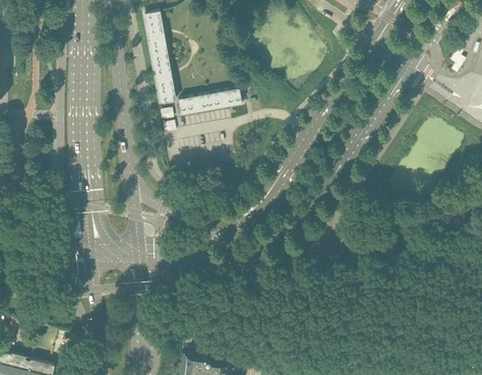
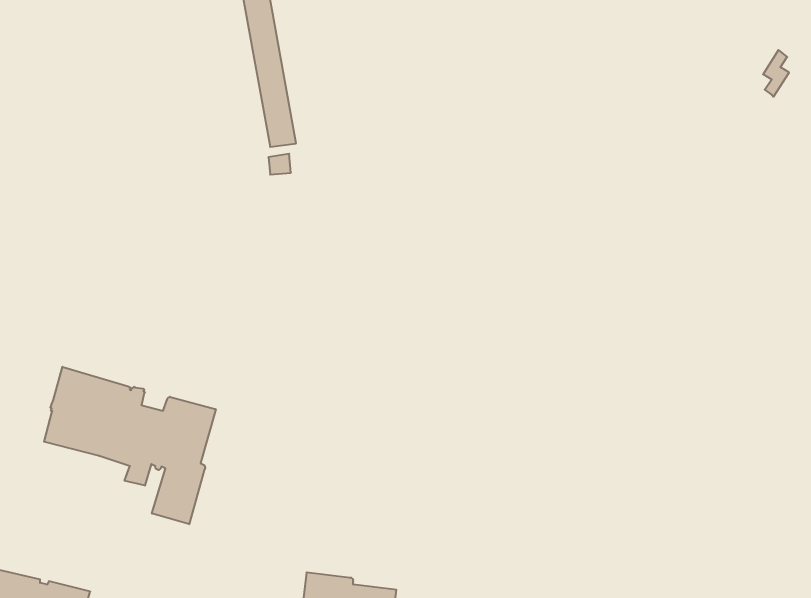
building: [178,89,242,116] -> none
building: none -> [44,367,216,524]

